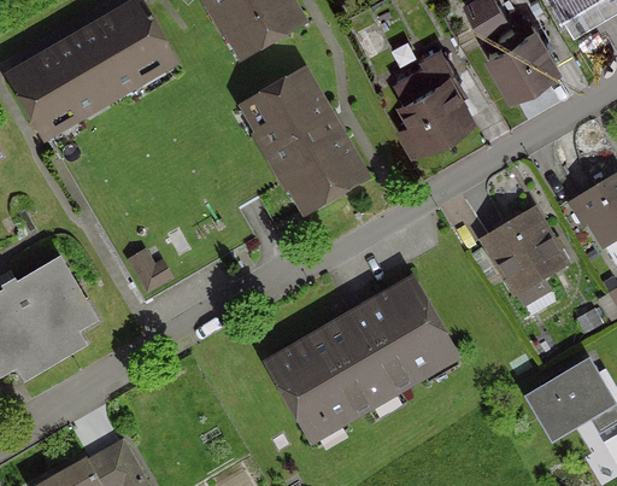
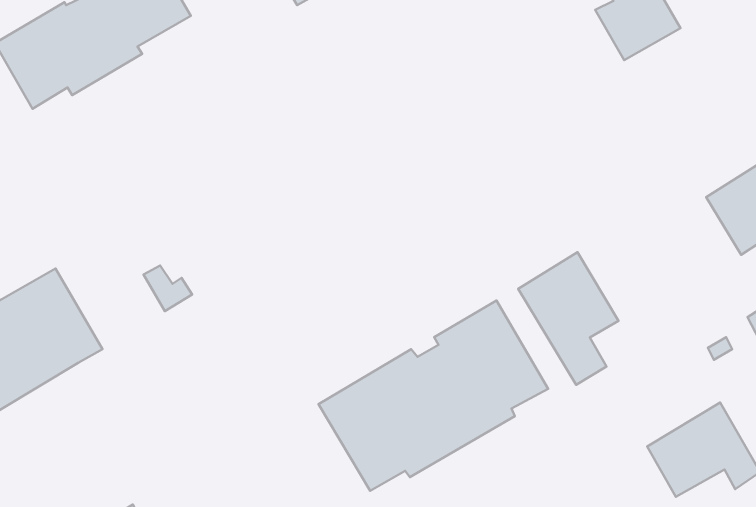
building: [395,48,470,147] -> none
building: [254,74,362,203] -> none
building: [483,210,563,315] -> [518,252,619,385]

